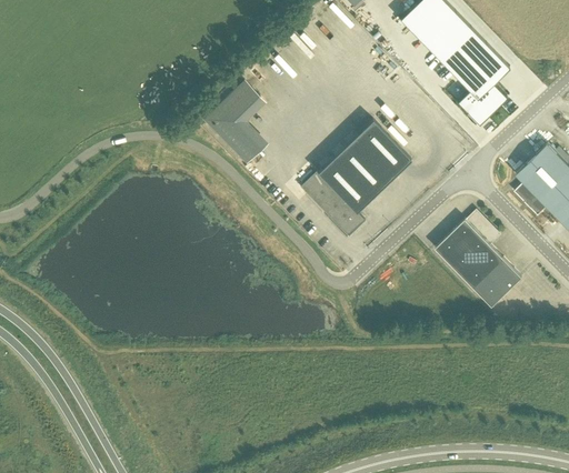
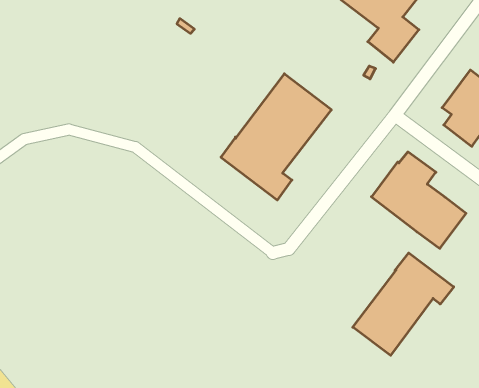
building: [203,80,268,164] -> none
building: none -> [353,253,454,355]

